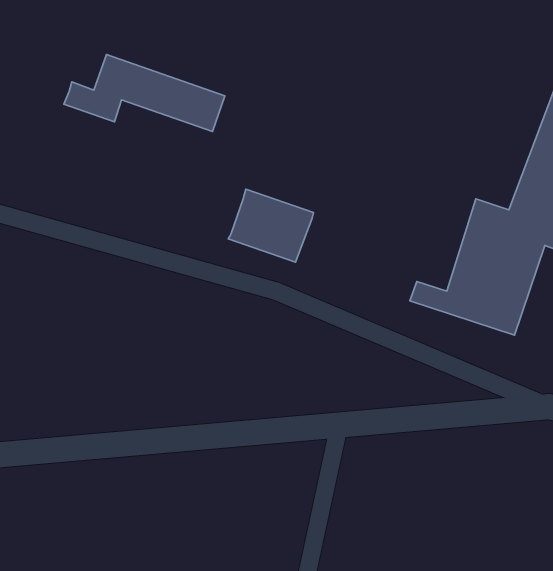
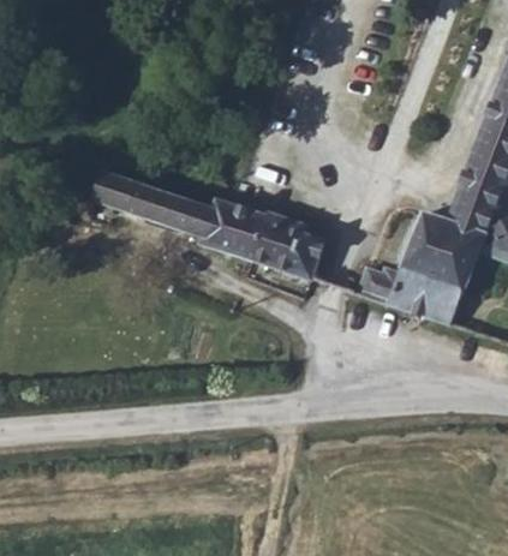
building: [64,54,225,132] -> [76,171,216,238]
building: none -> [262,223,328,281]

